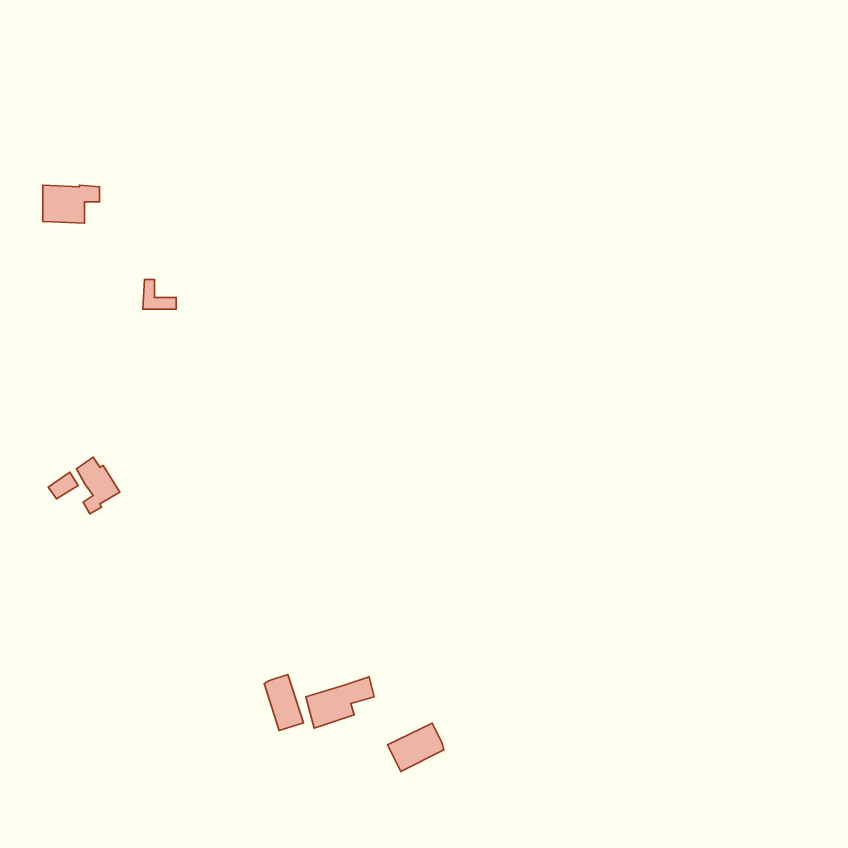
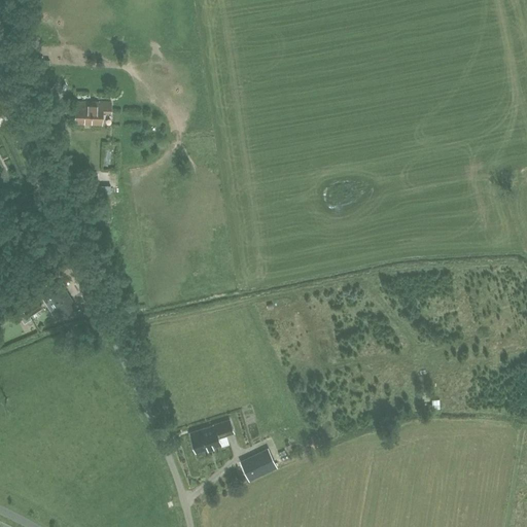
building: [43,185,99,223] -> [75,100,110,124]
building: [264,675,304,731] -> none

